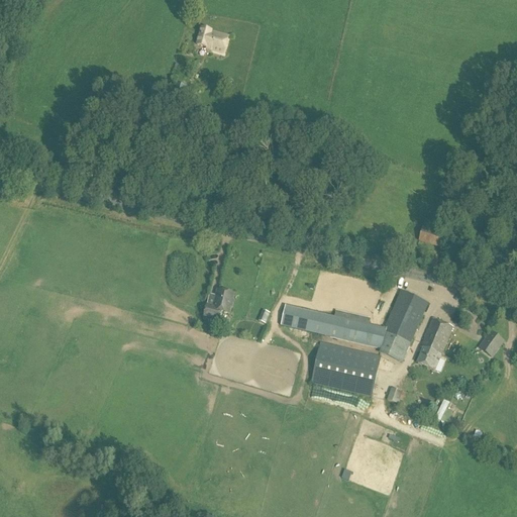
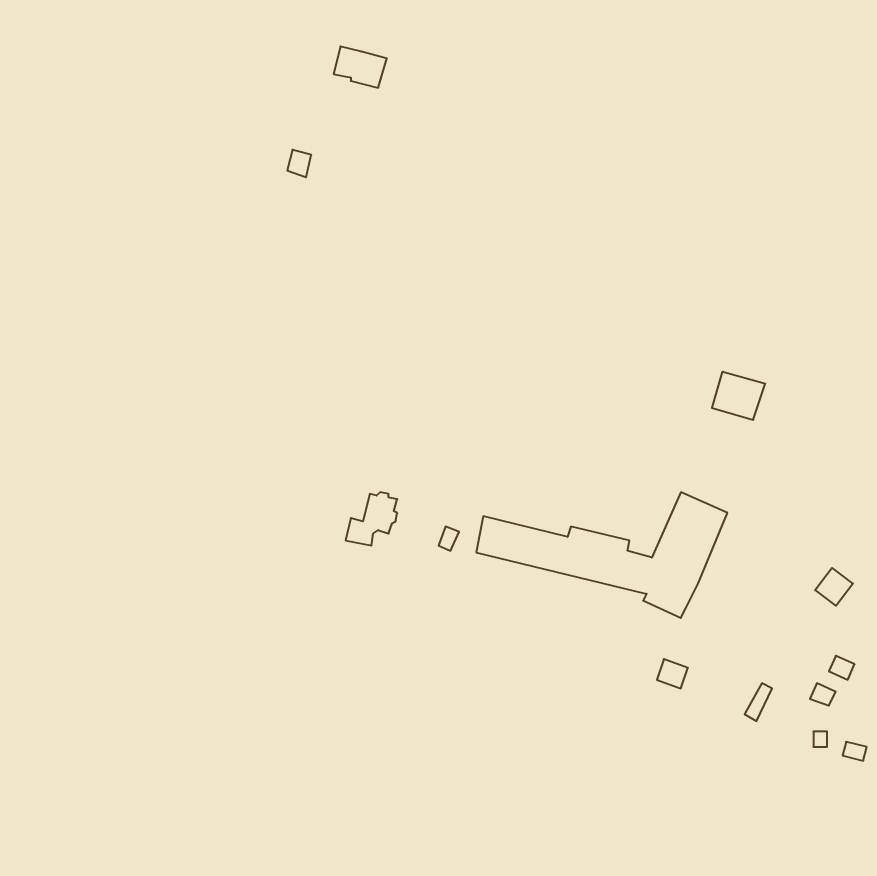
building: [417,318,452,370] -> none
building: [310,341,380,396] -> none

